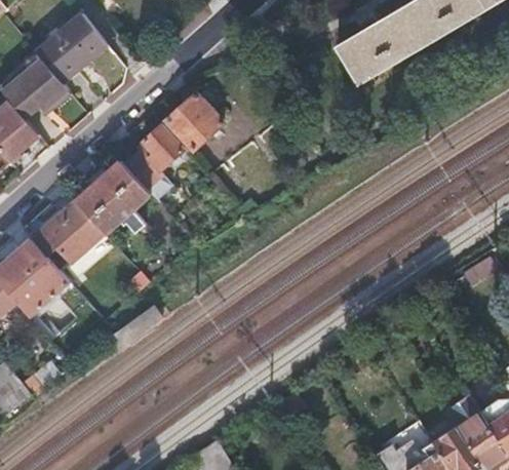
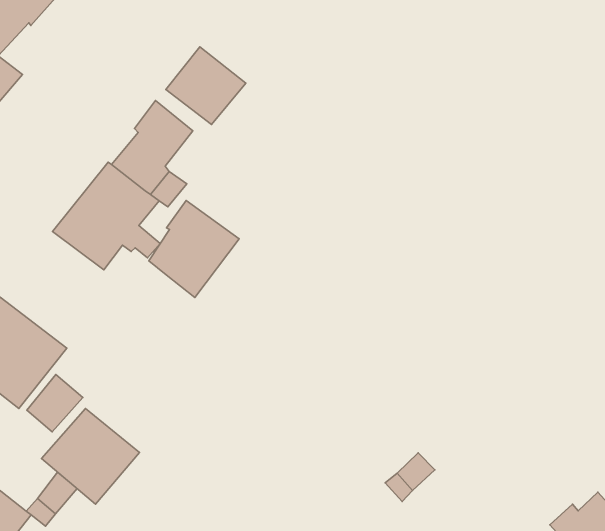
building: none -> [149,200,239,297]
building: [40,202,104,265] -> none
building: none -> [41,409,139,504]

